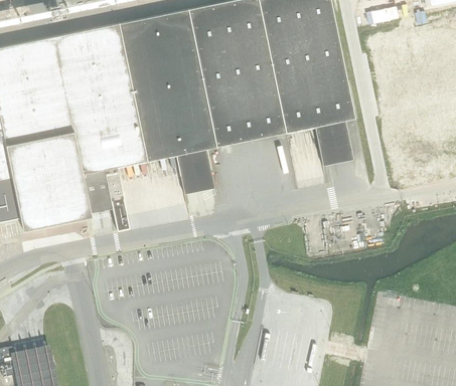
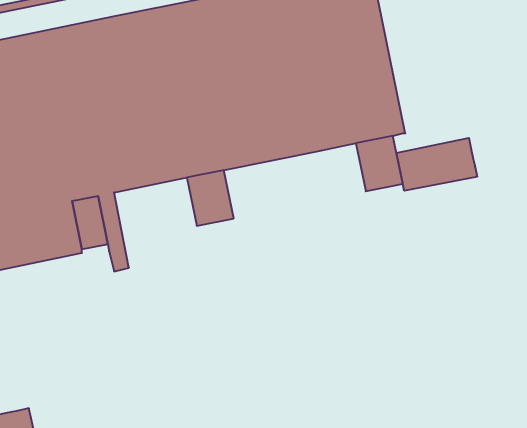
building: none -> [397,138,477,191]

